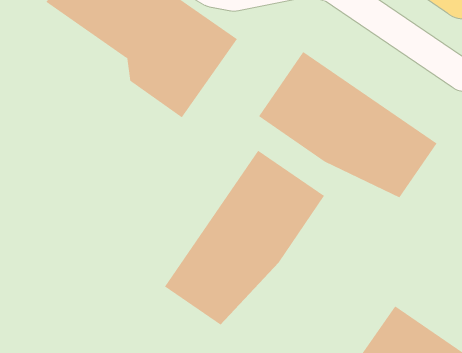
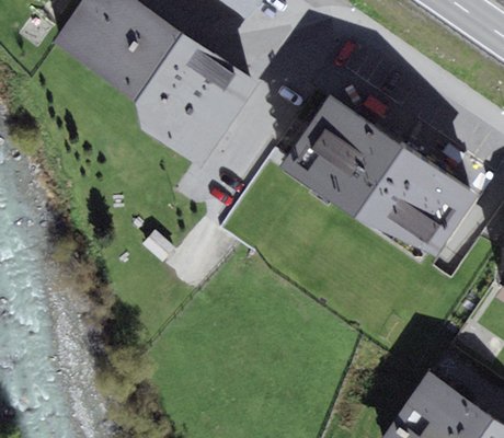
building: [164,150,325,325] -> none

